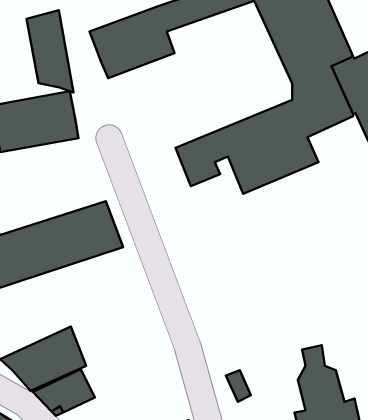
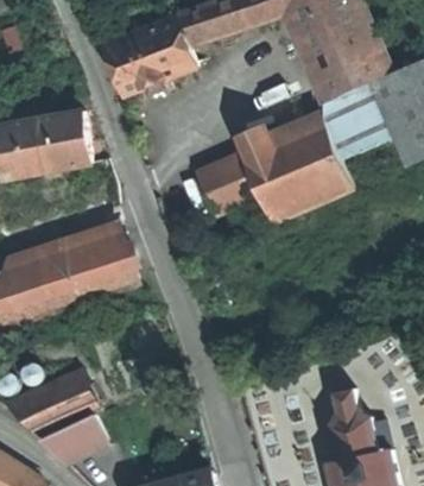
building: [27,10,74,93] -> none

